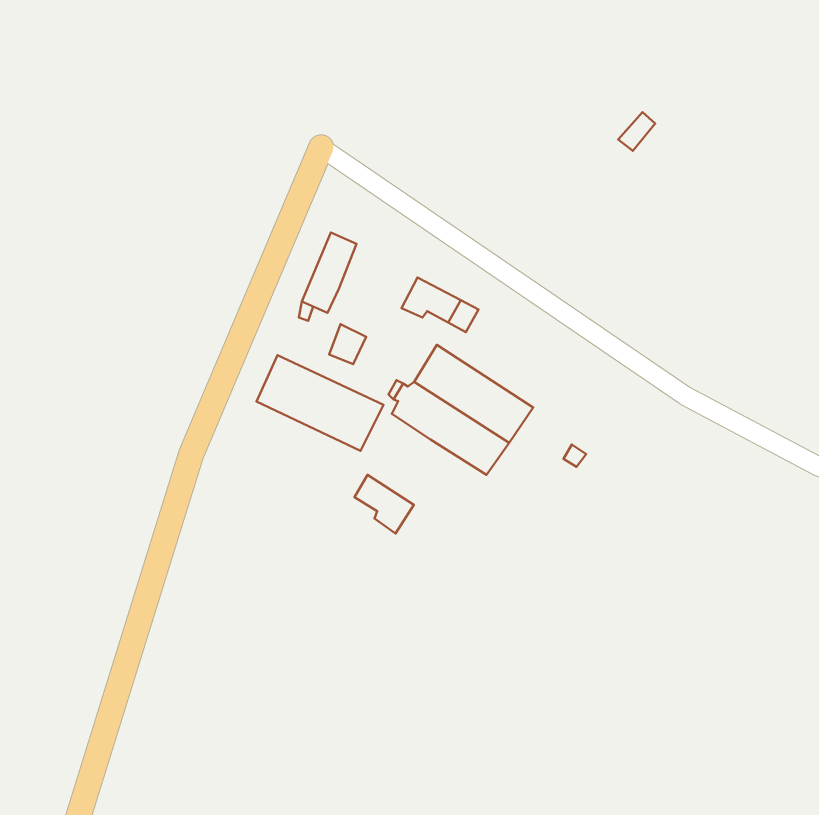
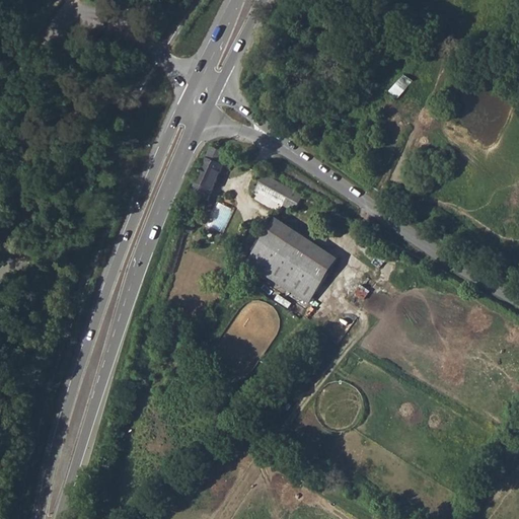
building: [257,355,384,451] -> none
building: [355,475,414,533] -> none

